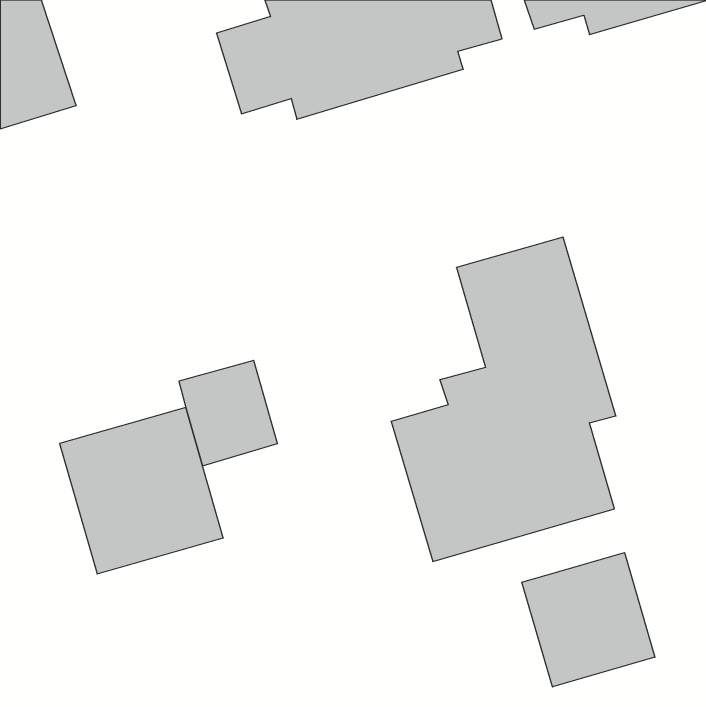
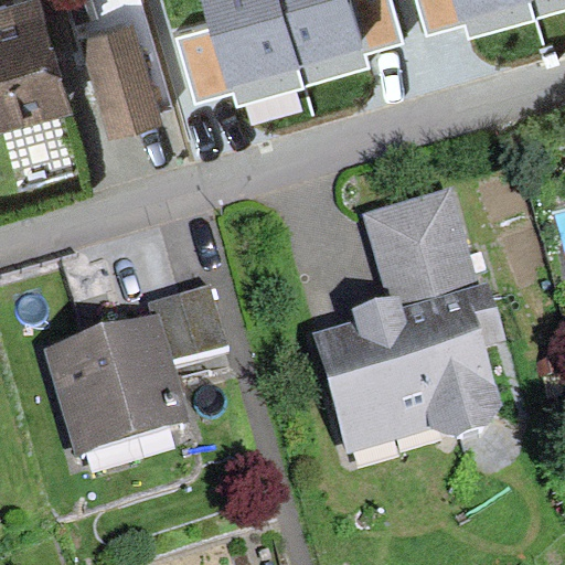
building: none -> [84,20,158,124]
building: [522,553,655,687] -> none

